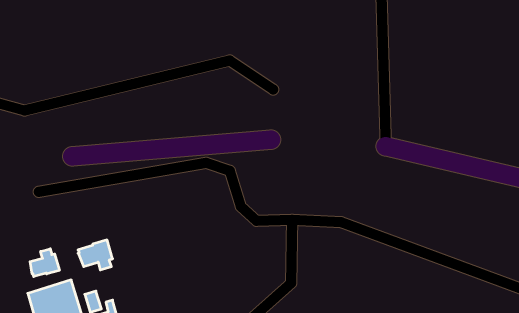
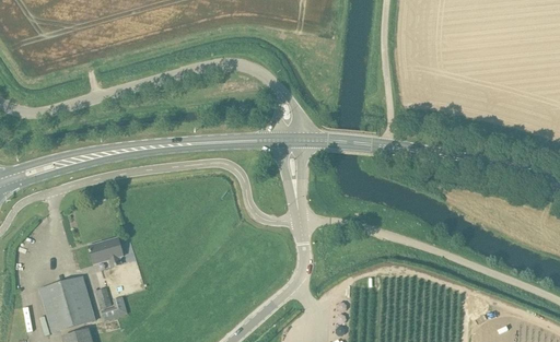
building: [30,249,59,277] -> none

